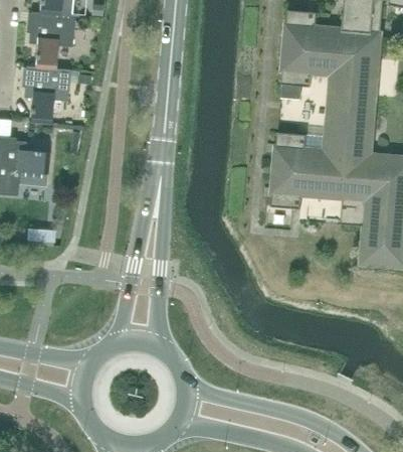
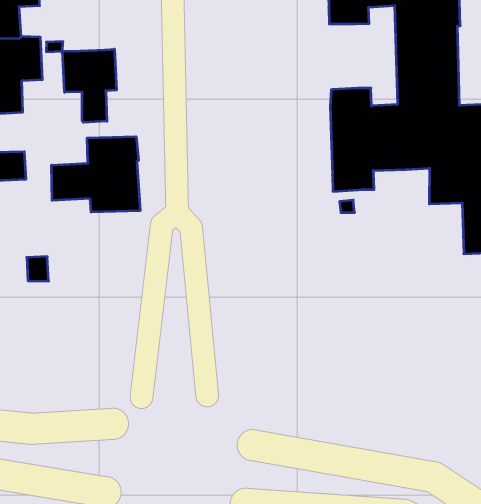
building: none -> [63,49,116,122]
building: none -> [52,137,140,212]

